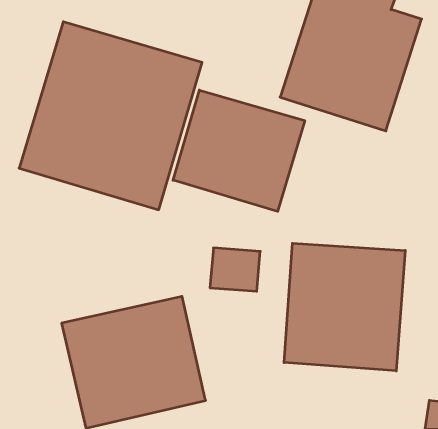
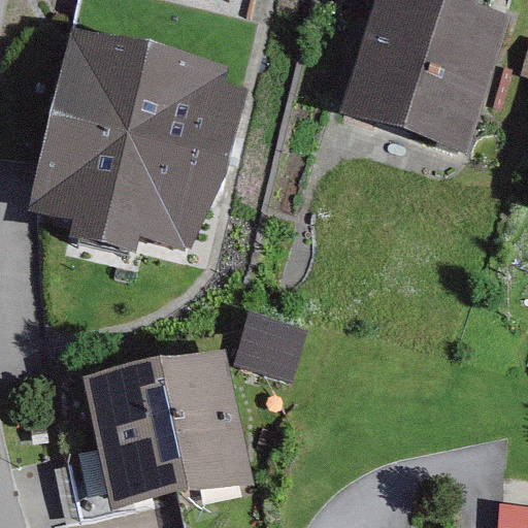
building: [173,90,305,211] -> none
building: [284,243,405,371] -> none

